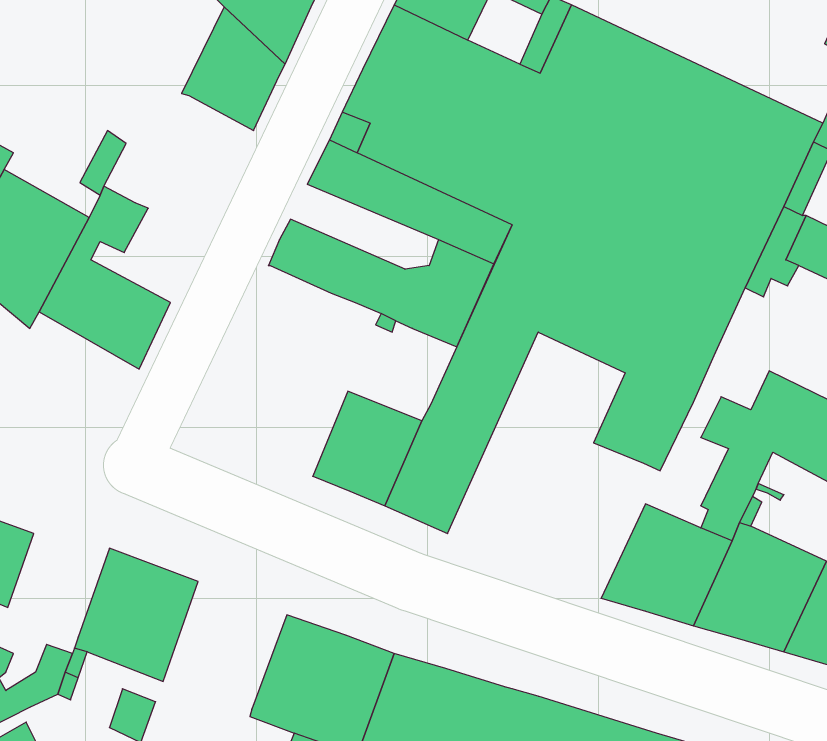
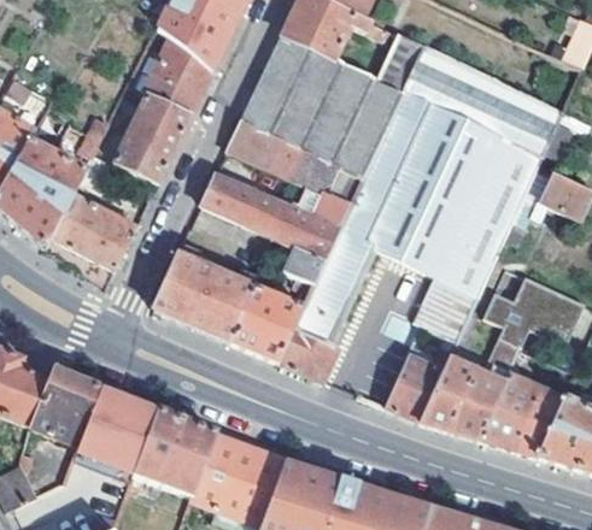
building: none -> [113,92,191,182]
building: none -> [282,243,323,293]
building: none -> [152,253,252,340]
building: none -> [383,331,456,419]
building: none -> [30,367,96,444]
building: none -> [130,408,212,491]

